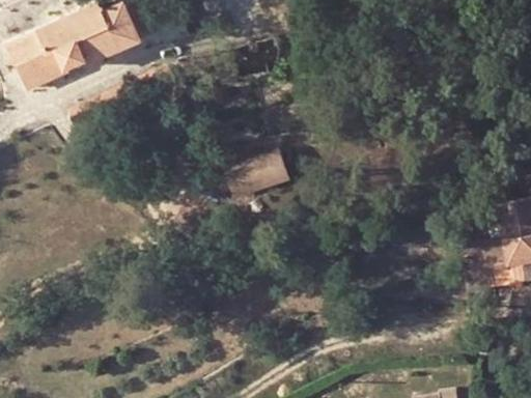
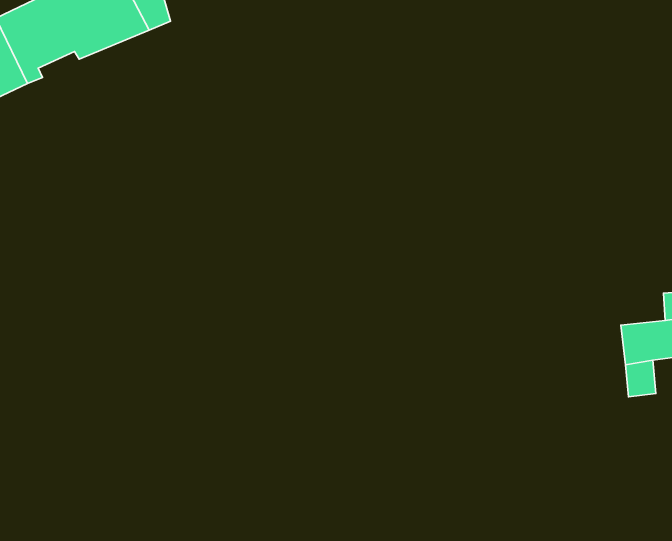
building: [213,145,288,205] -> none

